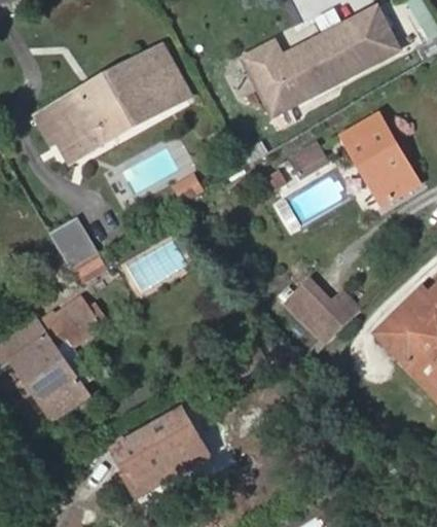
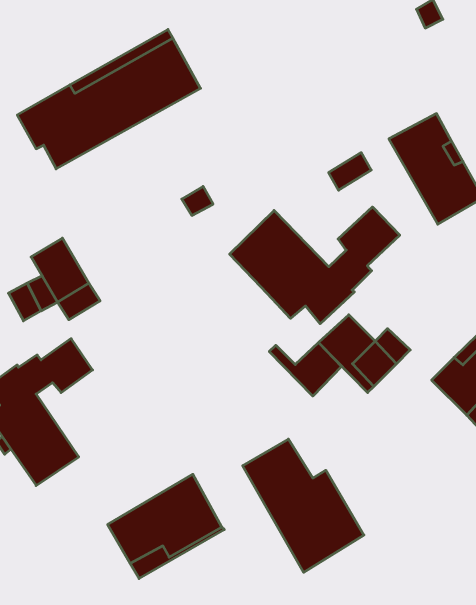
building: [246,27,369,127] -> none
building: none -> [230,207,400,324]
building: none -> [269,342,341,396]
building: none -> [243,439,364,572]

